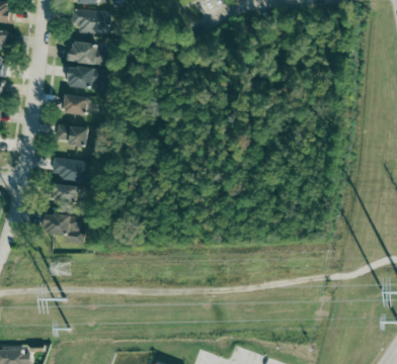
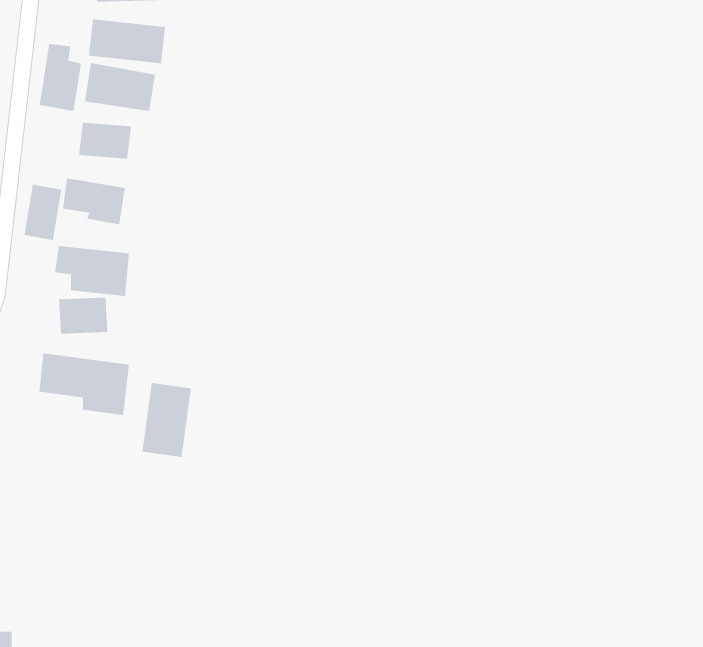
building: none -> [39,43,82,112]
building: none -> [23,184,62,241]
building: none -> [142,382,192,458]

